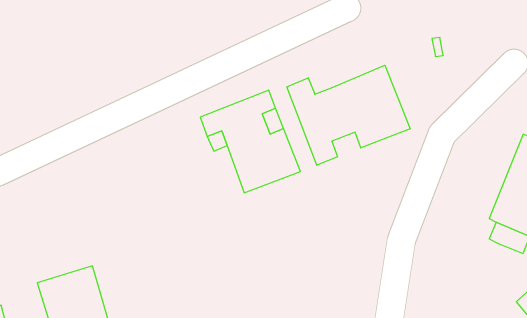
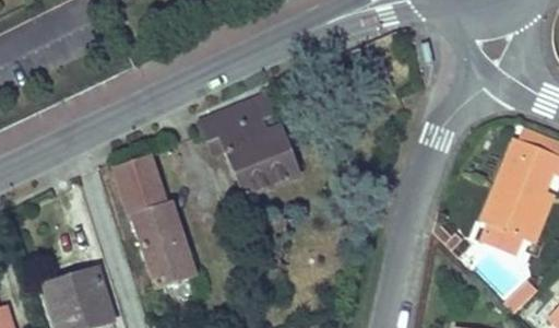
building: [287,65,410,165] -> none
building: none -> [112,152,192,283]

